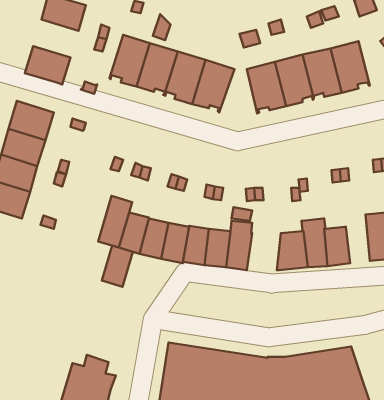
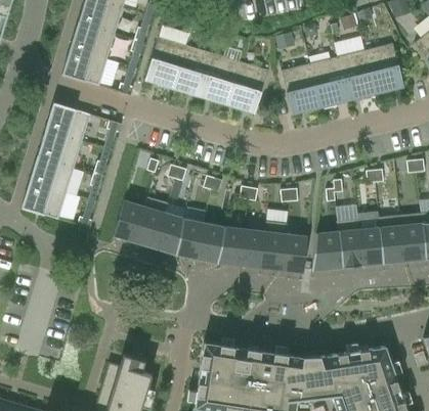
building: none -> [71,22,116,60]
building: none -> [379,216,404,264]
building: none -> [283,234,308,273]
building: [102,246,133,287] -> [115,201,145,242]

